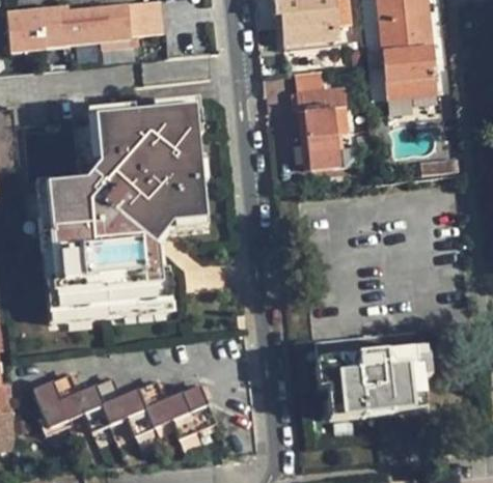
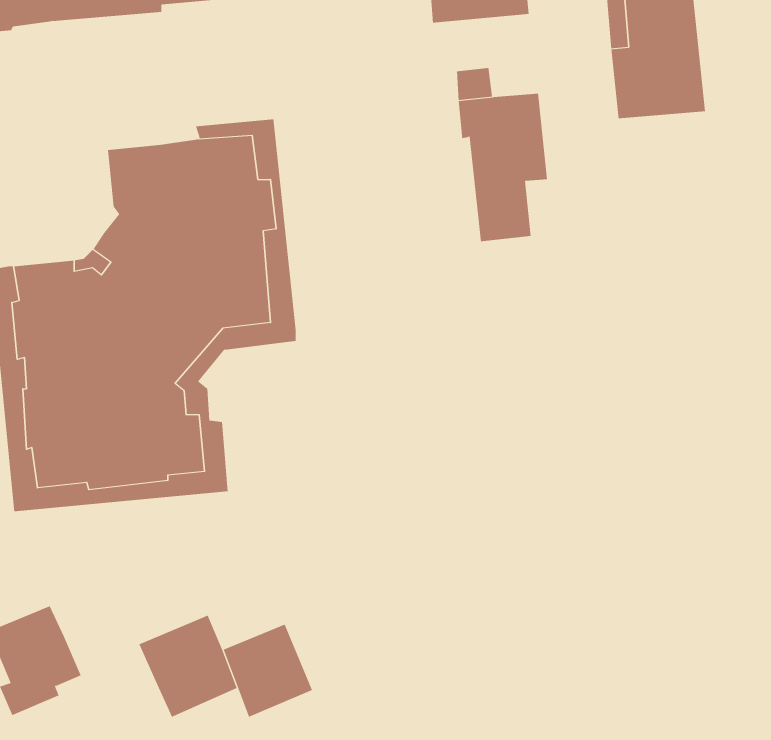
building: [86,107,130,165] -> none
building: [316,333,427,415] -> none
building: [76,378,127,432] -> none

